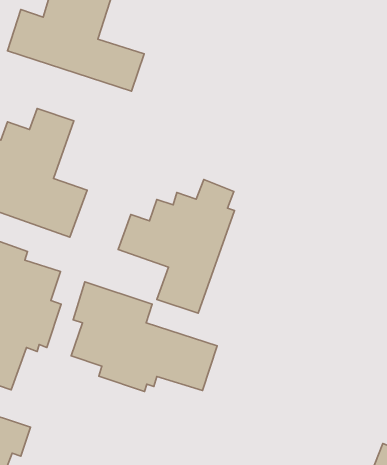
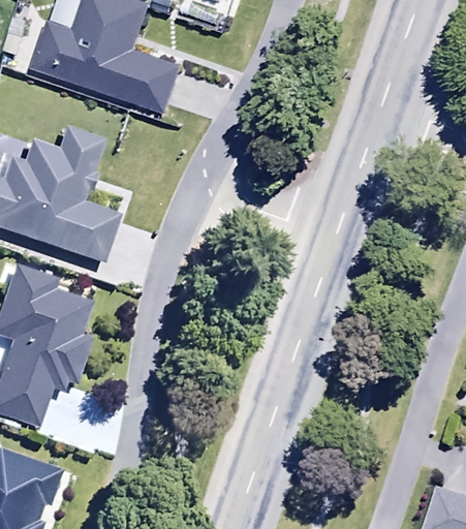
building: [118,179,234,313] -> none
building: [71,282,217,391] -> none

